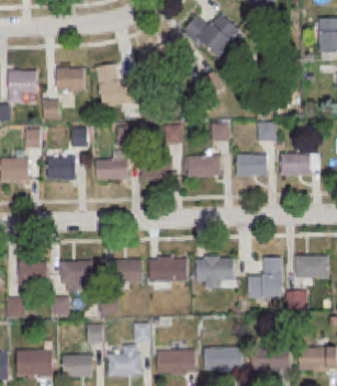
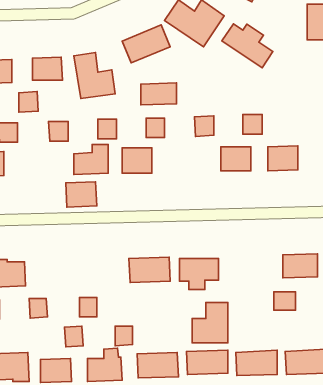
building: none -> [222,24,273,68]
building: [46,155,76,179] -> [66,182,97,207]
building: [187,155,221,175] -> [141,83,176,105]
building: [248,257,282,295] -> [192,303,228,343]
building: [60,260,94,283] -> none
building: [113,260,143,283] -> none

